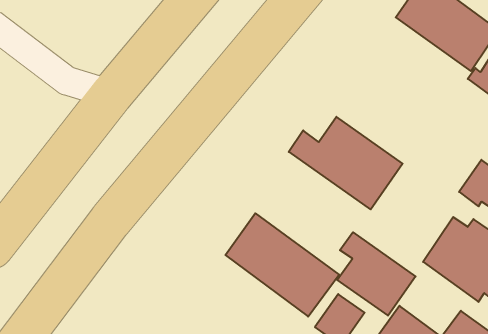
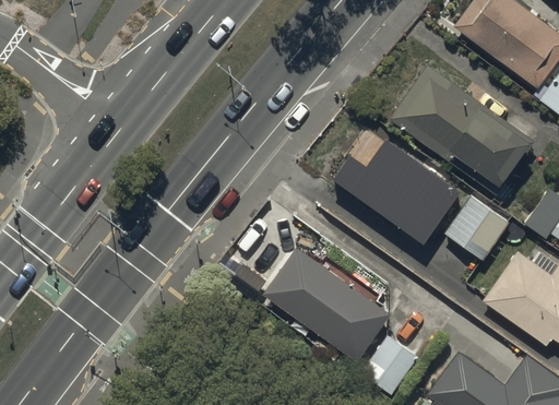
building: none -> [390,67,535,195]
building: none -> [443,195,508,260]
building: [337,232,416,316] -> none

